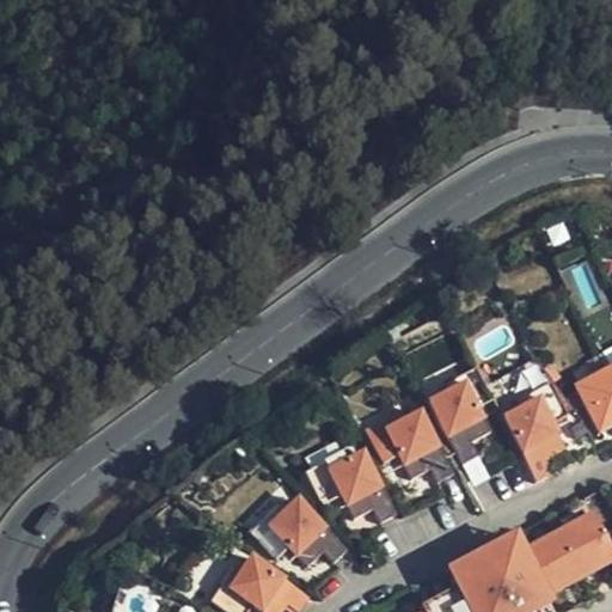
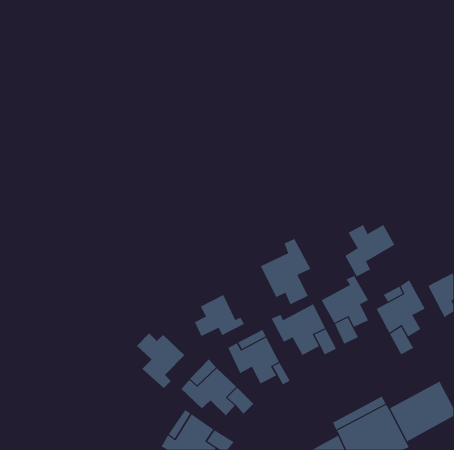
building: none -> [345,224,395,277]
building: none -> [260,238,311,305]
building: none -> [194,294,245,337]
building: none -> [136,332,185,389]

